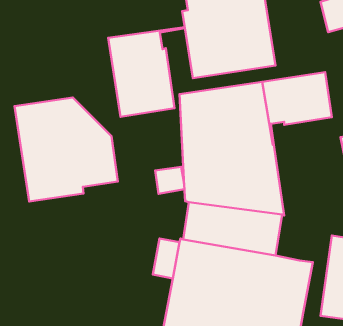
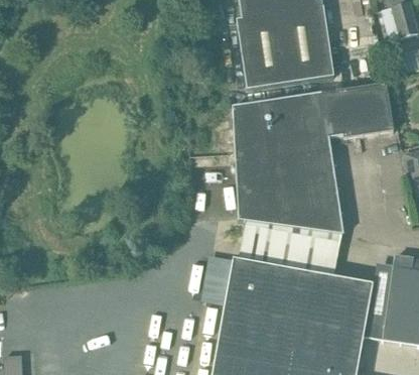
building: [108,27,185,117] -> none
building: [14,98,118,202] -> none
building: [155,167,184,194] -> none

